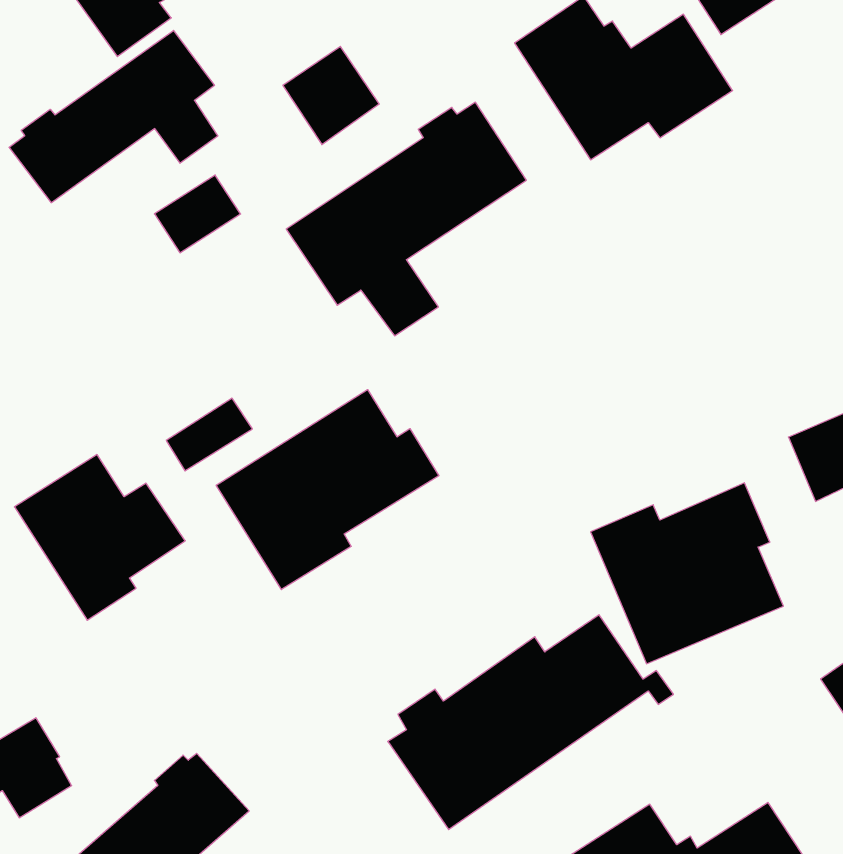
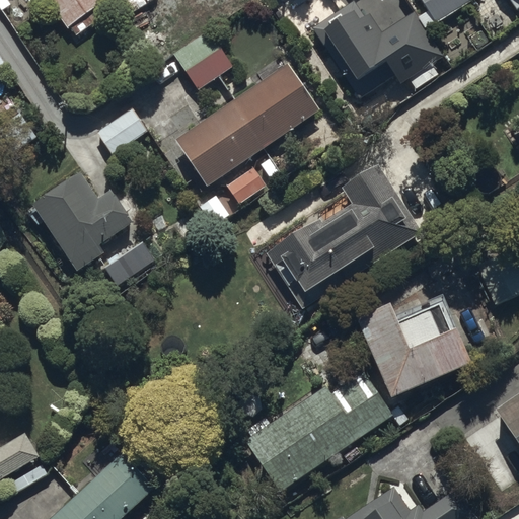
building: [9,30,218,203] -> none
building: none -> [267,163,422,307]
building: [216,390,439,590] -> none
building: [14,455,185,620] -> [32,171,135,271]

